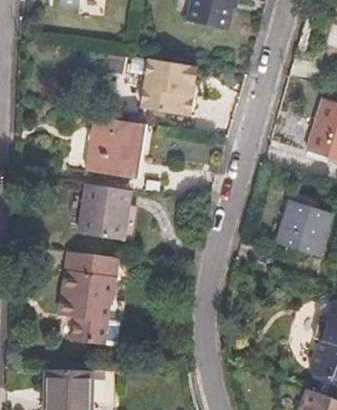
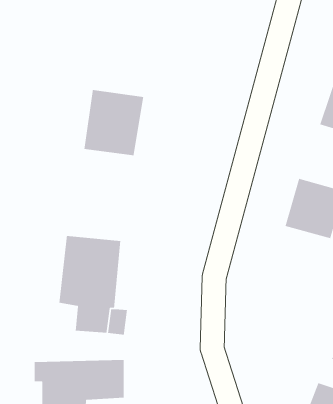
building: [142,58,196,116] -> none
building: [77,185,128,240] -> none

